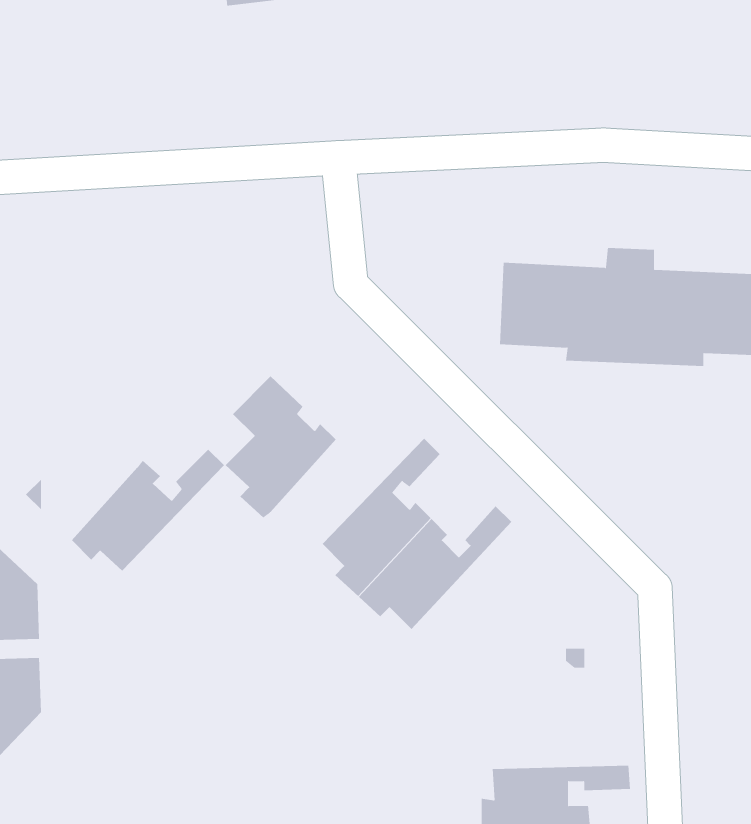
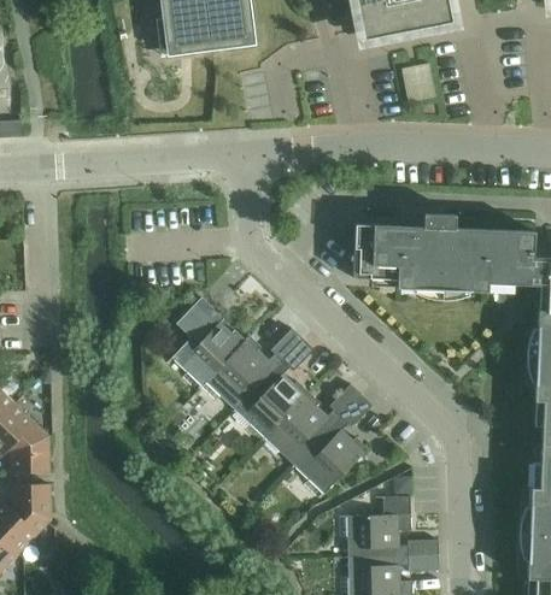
building: [71,449,225,571] -> [201,328,303,408]
building: none -> [294,394,373,500]
building: none -> [339,495,438,556]

